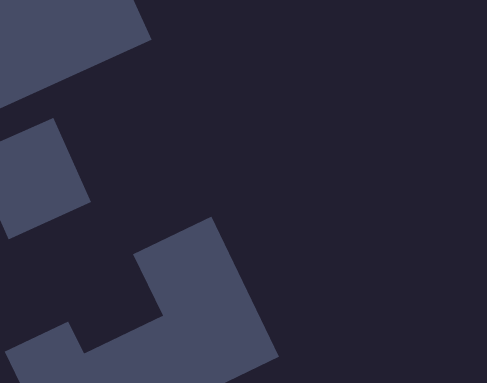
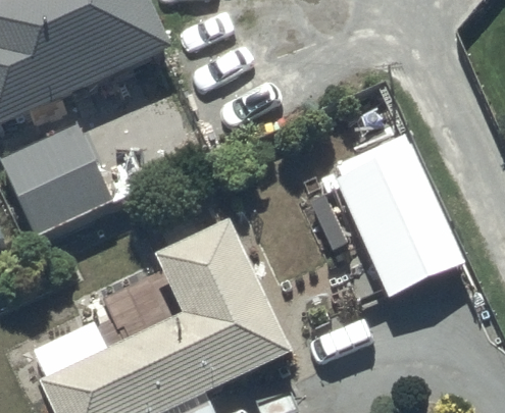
building: none -> [333,139,473,319]

